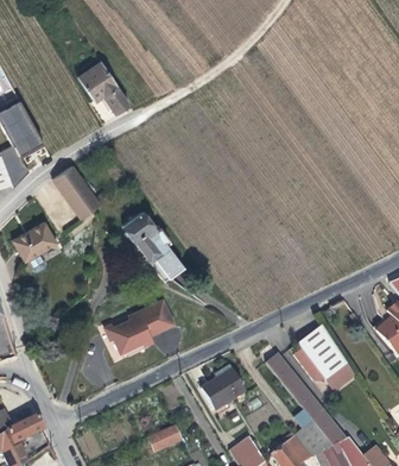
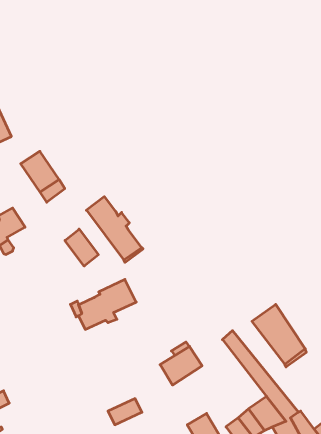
building: [83,63,133,111] -> none
building: none -> [65,229,98,266]

